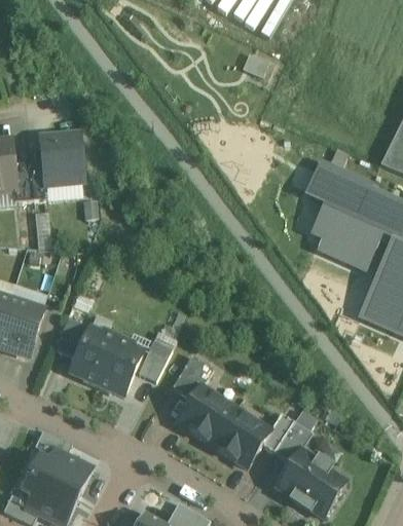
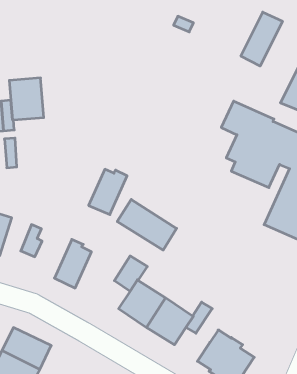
building: none -> [241,12,282,66]
building: none -> [117,199,177,250]
building: [70,326,118,382] -> [89,169,127,215]
building: [138,339,172,380] -> none
building: [273,420,312,462] -> none

